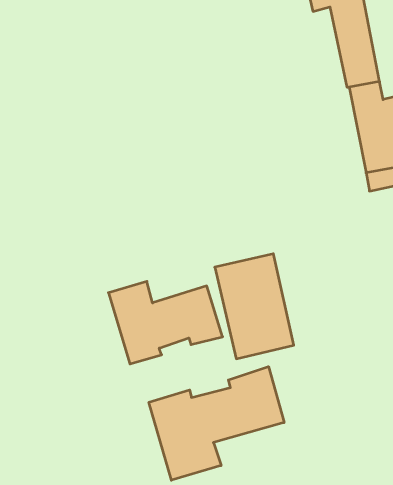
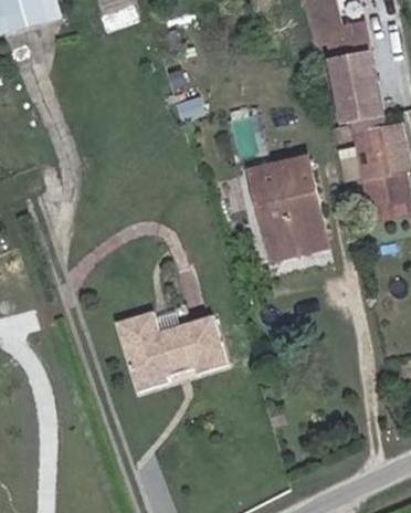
building: [215,254,294,359] -> [250,157,327,260]
building: [149,367,284,480] -> none

